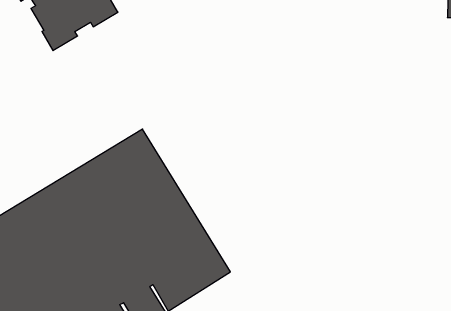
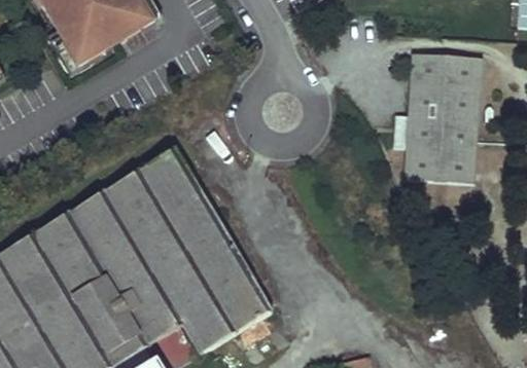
building: none -> [405,53,483,183]

